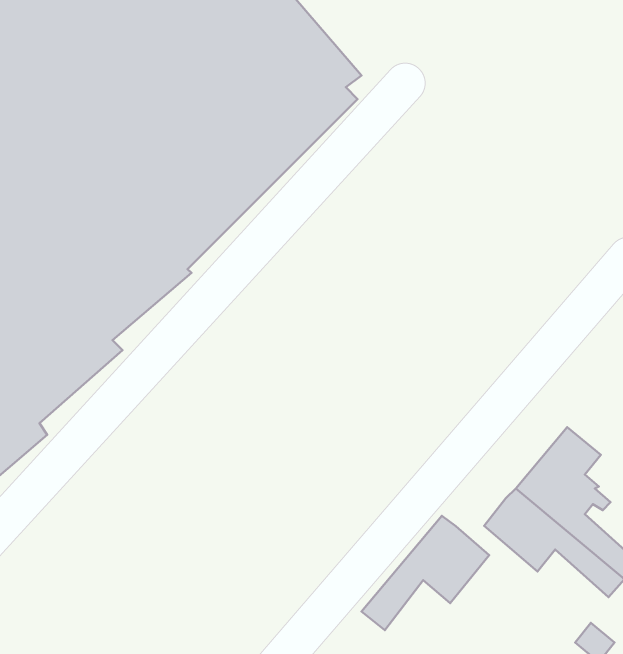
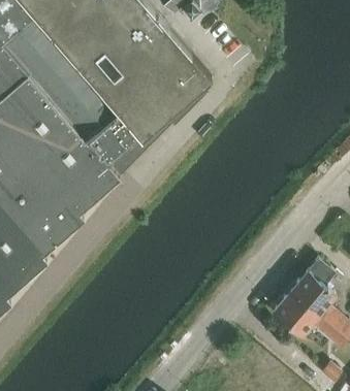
building: [362,516,489,630] -> none

